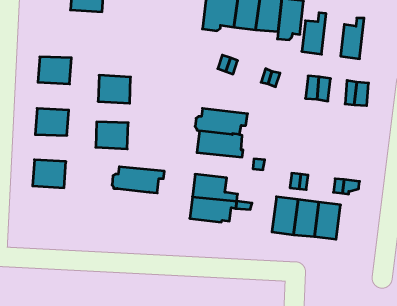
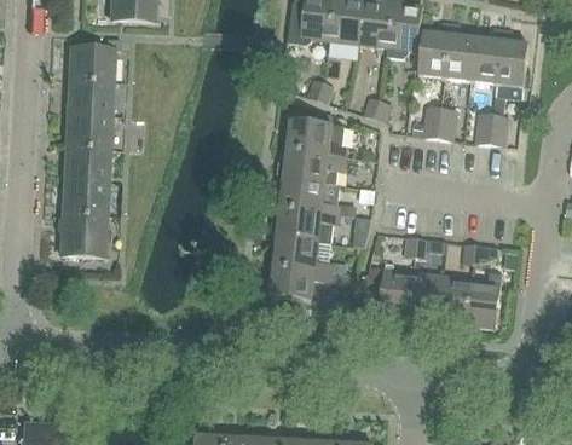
building: none -> [446,22,476,79]
building: none -> [496,28,530,97]
building: none -> [69,45,112,81]
building: [98,75,131,103] -> [65,114,109,151]
building: none -> [287,114,347,156]
building: [96,122,128,149] -> [62,184,105,220]
building: [112,167,164,193] -> [270,208,340,243]
building: none -> [466,271,502,328]

